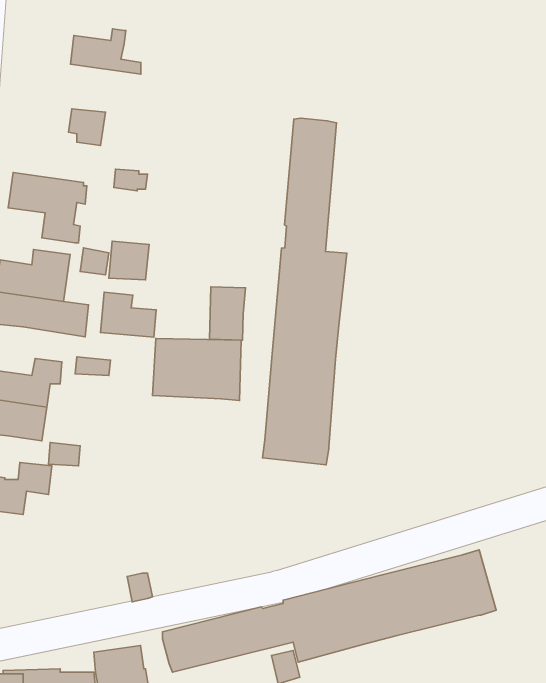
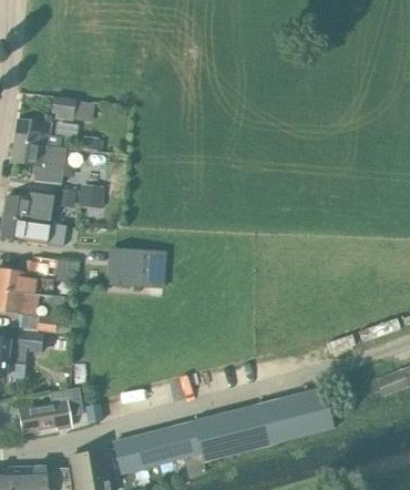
building: [71,29,141,74] -> [14,115,61,145]
building: [262,118,347,465] -> none
building: [209,287,246,340] -> none
building: [100,292,156,337] -> none
building: none -> [18,388,83,432]

